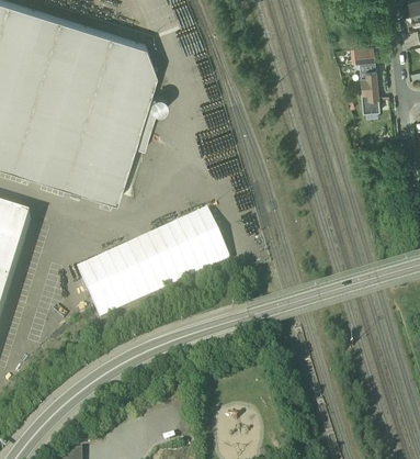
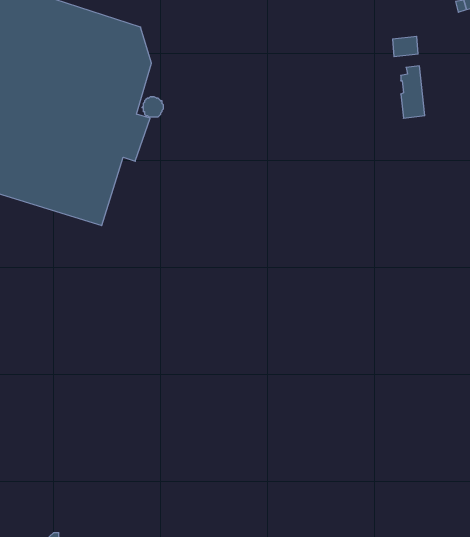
building: [71,211,225,321] -> none

